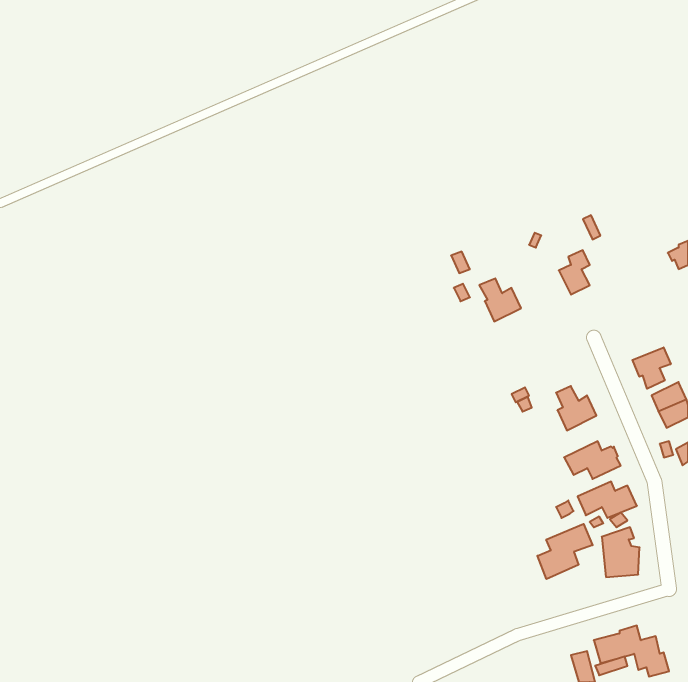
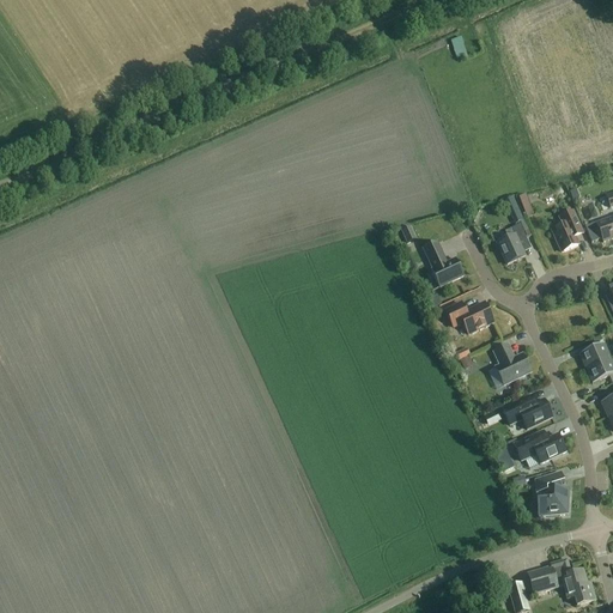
building: none -> [552,210,581,250]
building: none -> [445,301,493,332]
building: [632,347,671,389] -> none
building: [537,524,593,579] -> none

